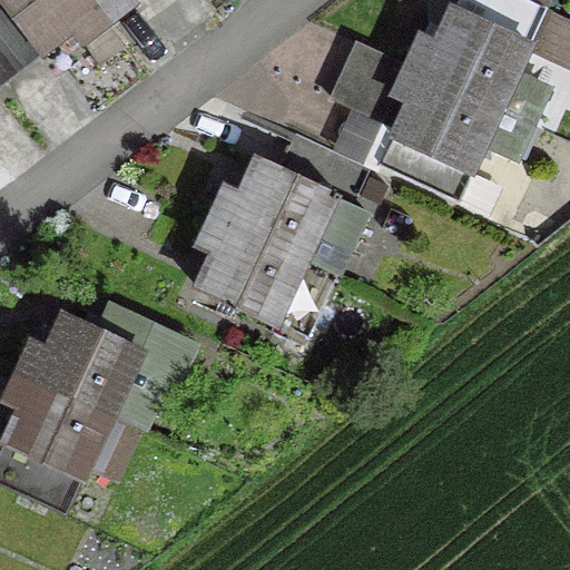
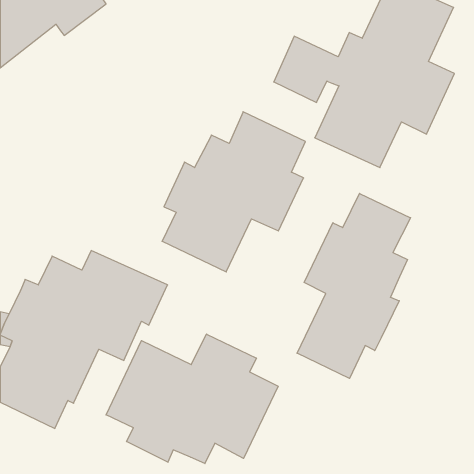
building: none -> [297,193,411,378]
building: none -> [106,334,278,464]

